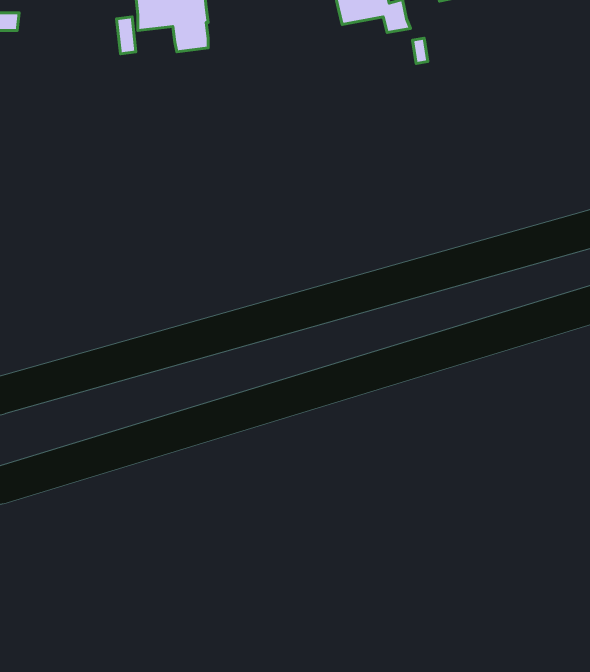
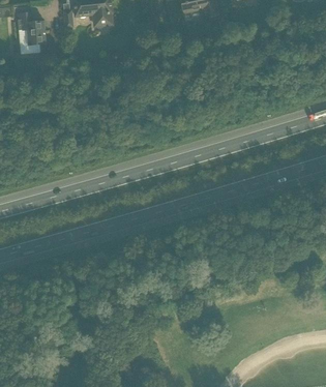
building: none -> [17,13,45,46]

